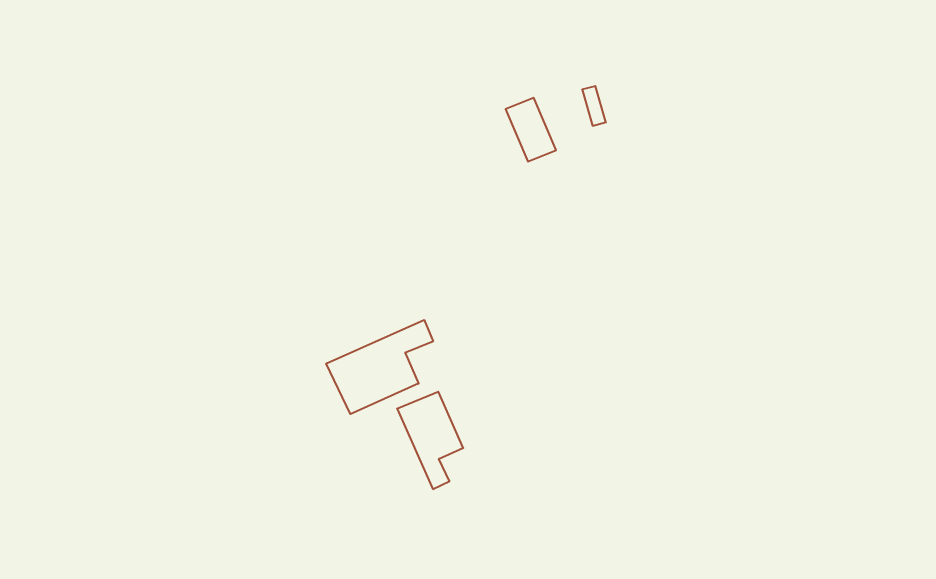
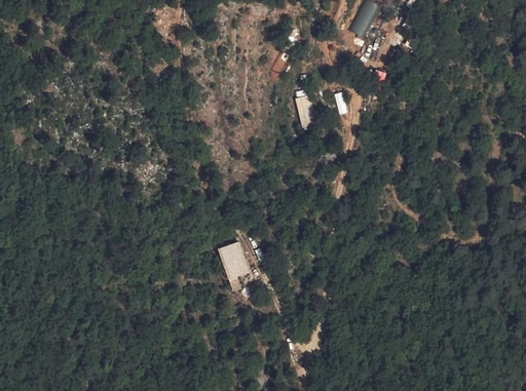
building: [326,320,433,414] -> none

